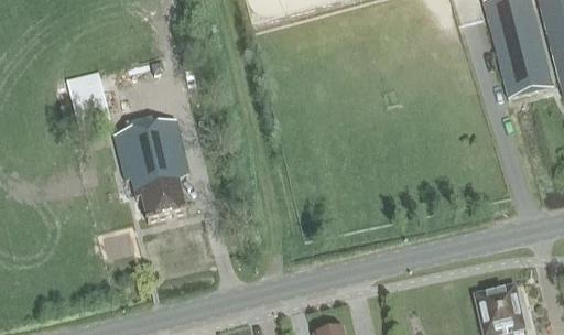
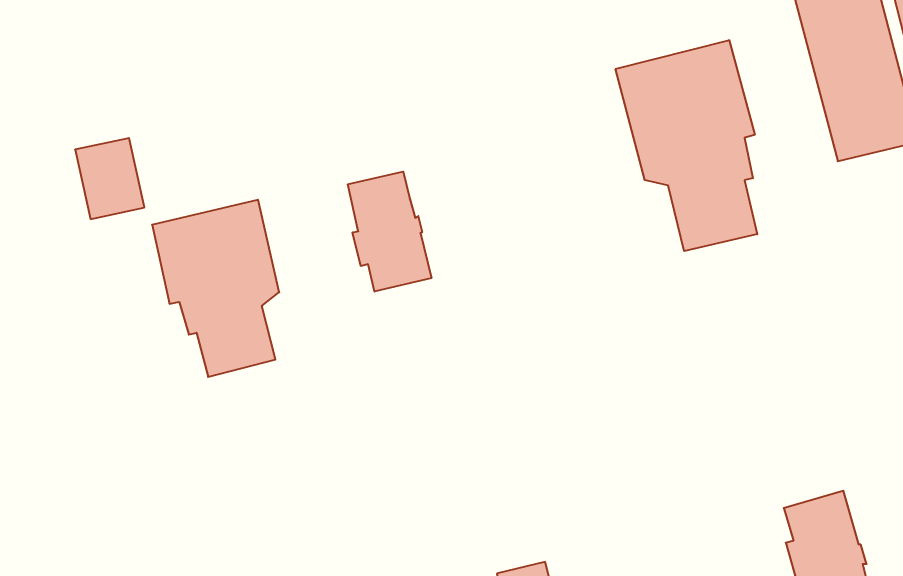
building: none -> [616,40,757,251]
building: none -> [348,172,431,292]

